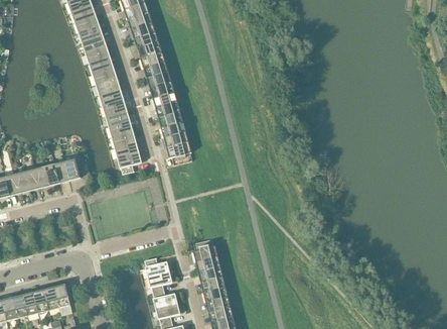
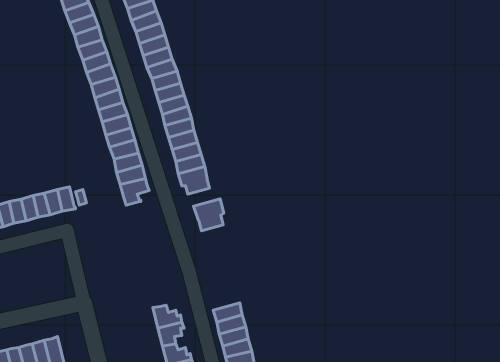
building: none -> [194,199,224,231]
building: [192,238,216,261] -> none

